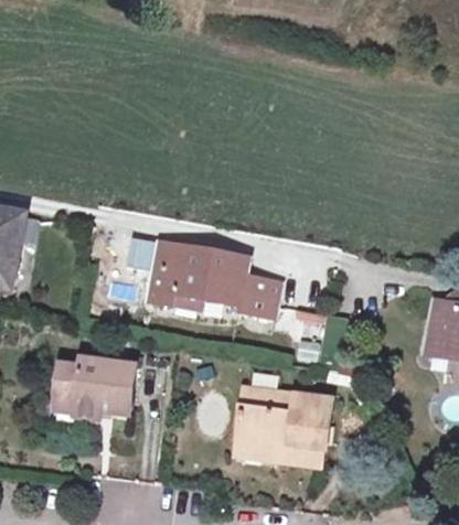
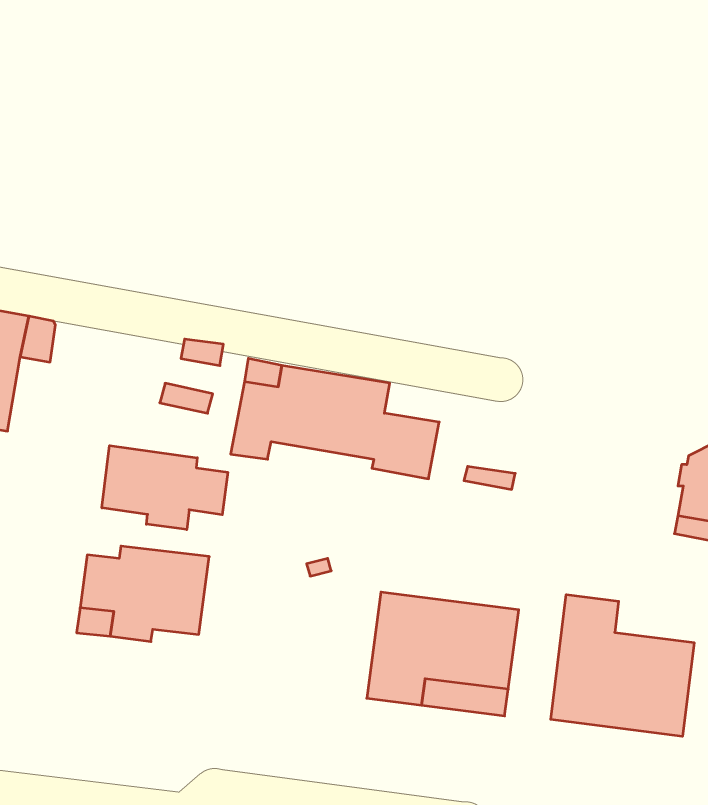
building: none -> [102,446,228,530]
building: none -> [551,595,694,736]

